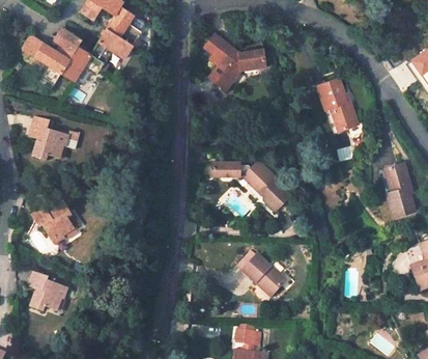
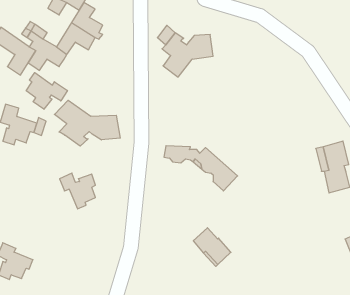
building: [316,77,362,136] -> none
building: none -> [26,73,67,109]
building: none -> [54,100,120,146]
building: [38,205,78,245] -> [60,173,95,209]

